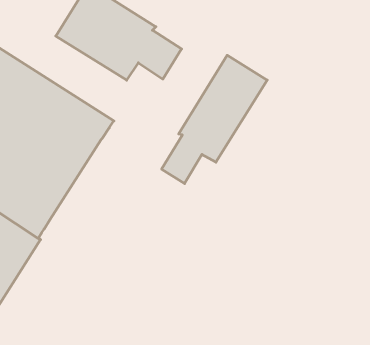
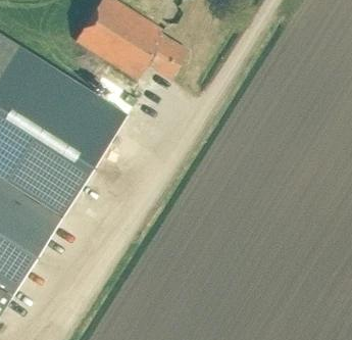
building: [162,55,267,184] -> none

